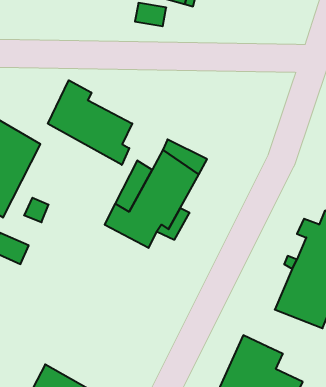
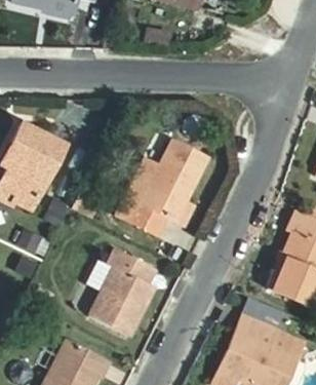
building: [48,80,132,165] -> none
building: none -> [87,244,151,334]
building: none -> [261,309,298,355]

